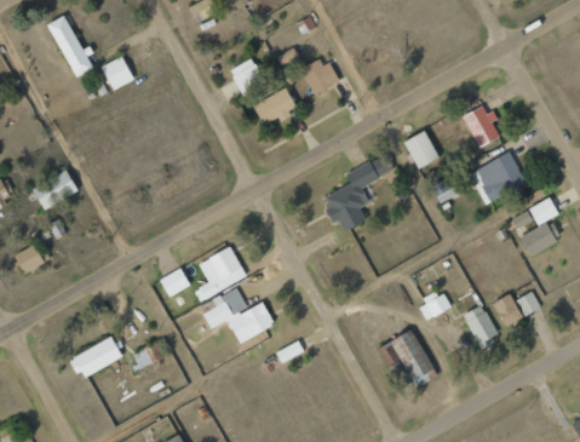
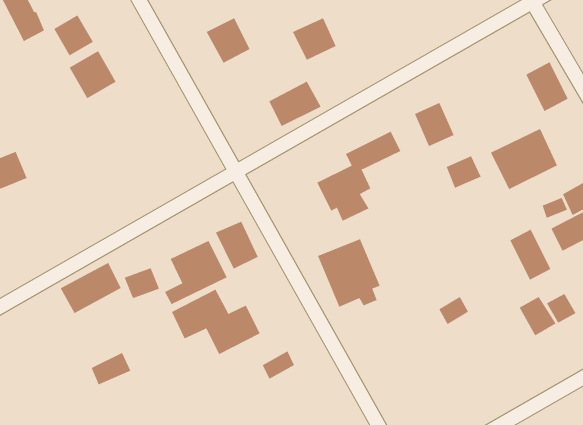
building: none -> [69,50,116,99]
building: [253,88,298,127] -> [268,81,322,127]
building: [463,104,499,147] -> [526,62,569,112]
building: none -> [215,221,259,270]
building: [464,304,499,348] -> [509,229,551,280]
building: [379,329,432,388] -> [317,239,380,307]
building: [70,335,122,379] -> [60,262,122,314]

